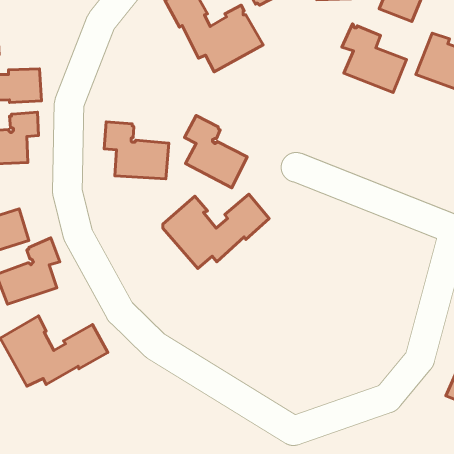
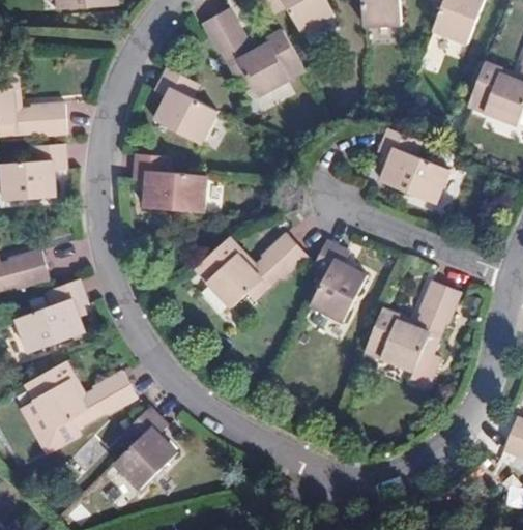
building: [342,24,407,92] -> [376,127,445,201]
building: [184,115,247,188] -> [153,68,221,146]
building: none -> [307,241,367,324]
building: none -> [362,282,463,394]
building: none -> [112,406,178,492]

